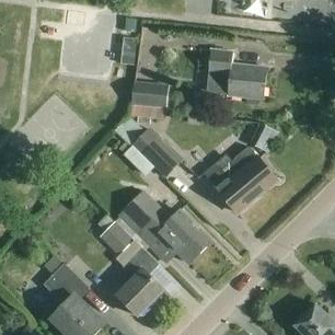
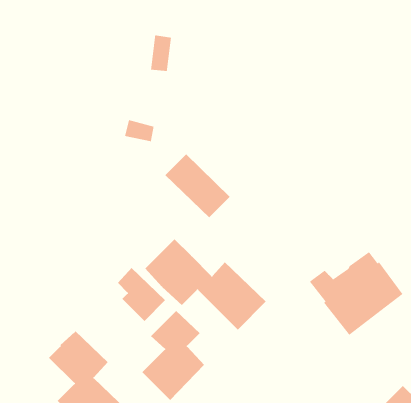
building: [206,50,265,105] -> none
building: [131,81,169,108] -> none
building: [206,148,278,212] -> [309,251,404,336]

